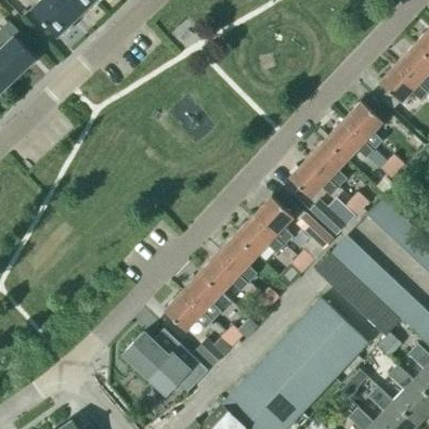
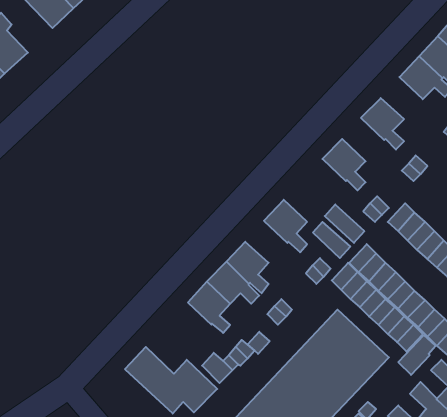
building: [325,120,373,160] -> none
building: [289,158,338,198] -> none
building: [235,216,284,255] -> none
building: [164,291,212,332] -> none

